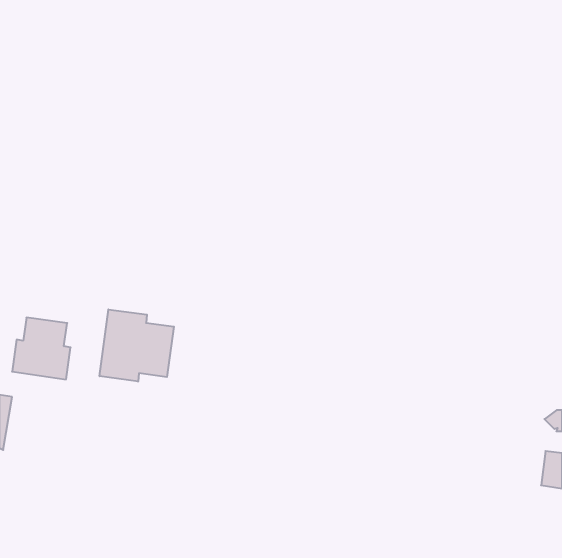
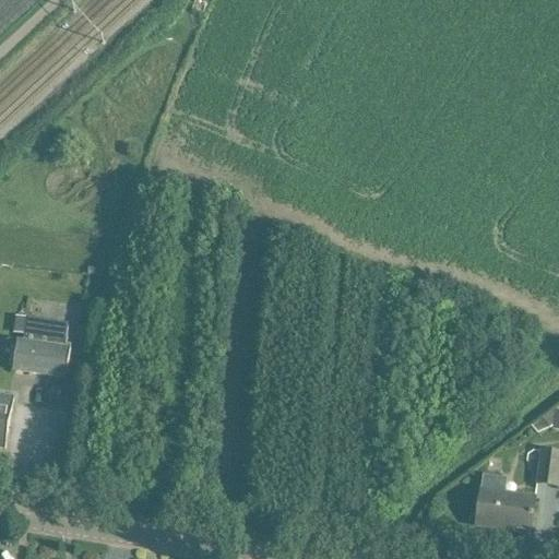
building: [100,309,174,382] -> none
building: none -> [475,472,535,527]

